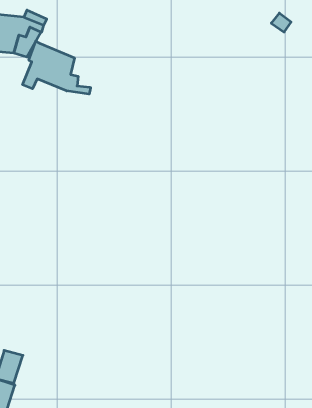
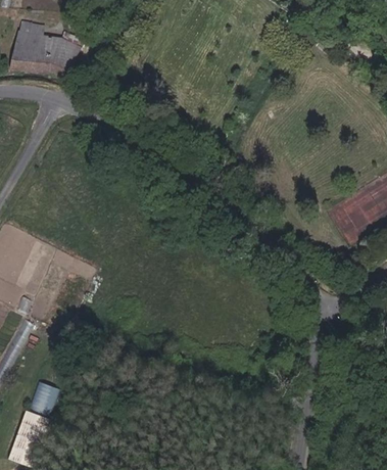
building: [23,41,91,94] -> none

